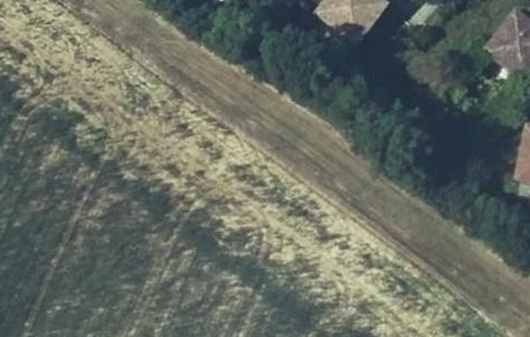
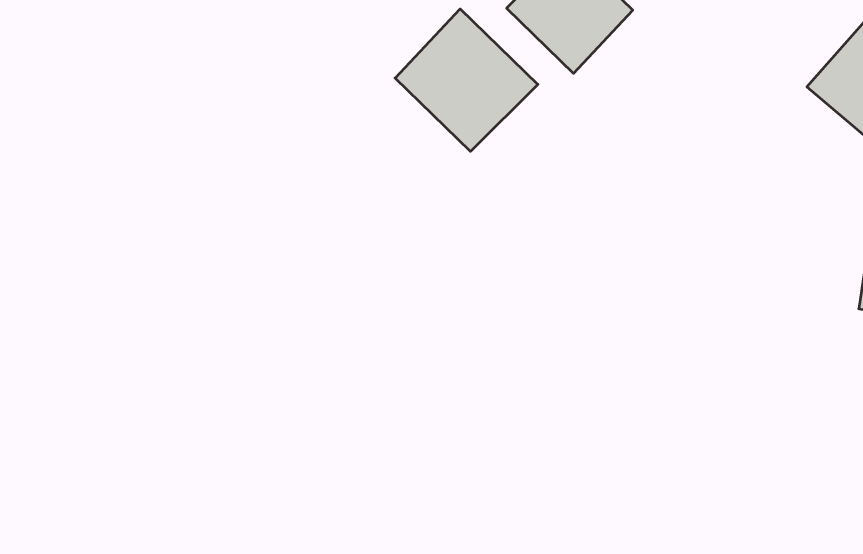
building: none -> [395,9,538,151]

